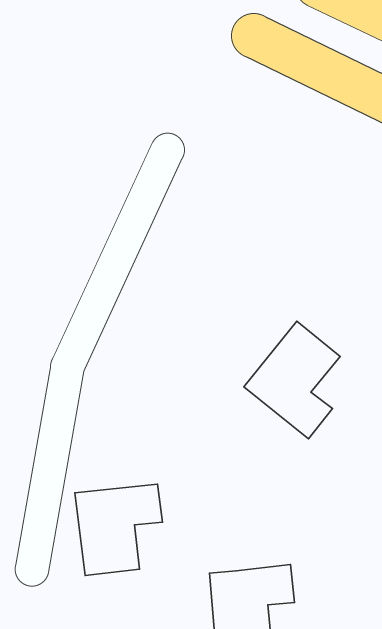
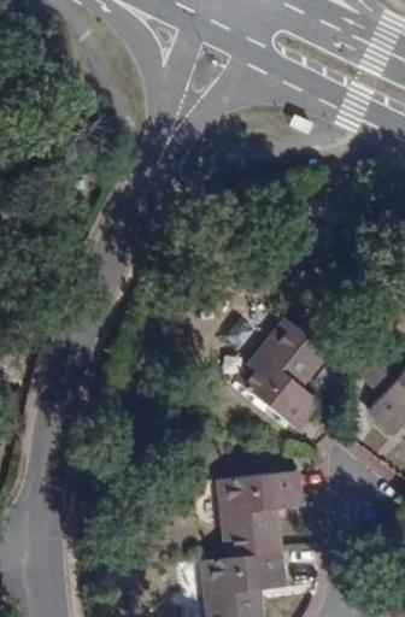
building: [75,484,162,575] -> [219,470,303,557]

